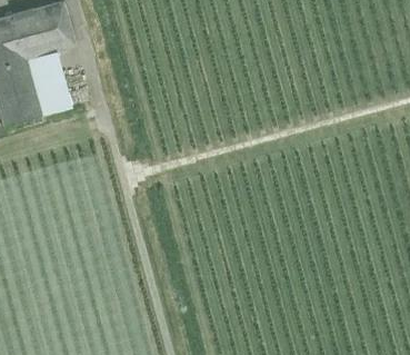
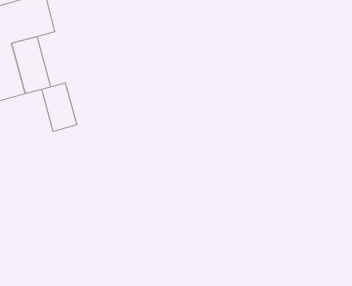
building: none -> [42,83,77,131]

